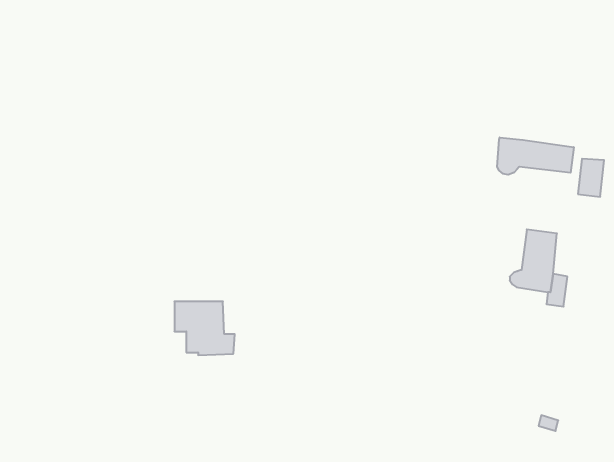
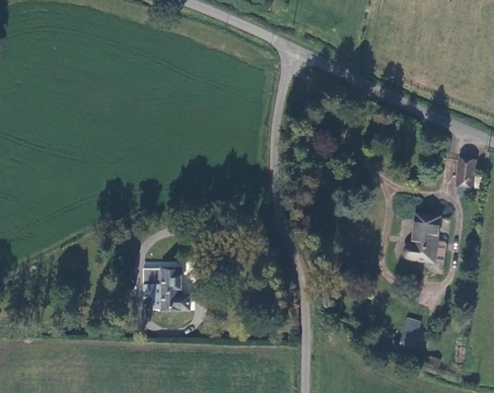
building: [497,137,574,175] -> none
building: none -> [397,316,422,349]

